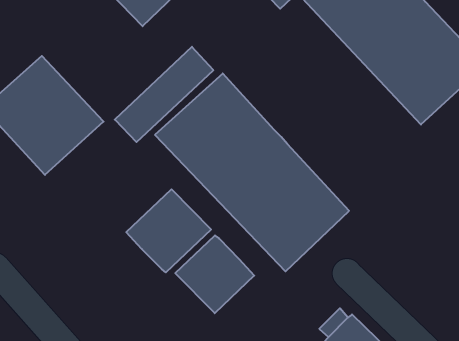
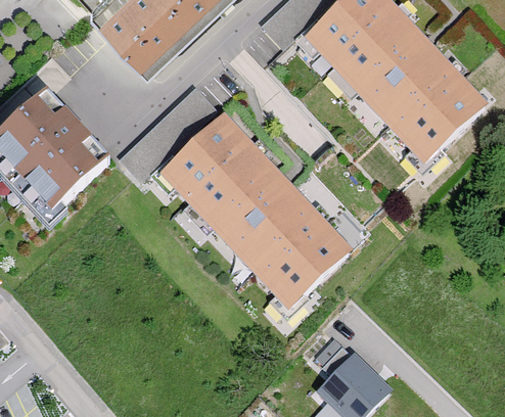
building: [126,189,211,272] -> none
building: [175,235,254,313] -> none

